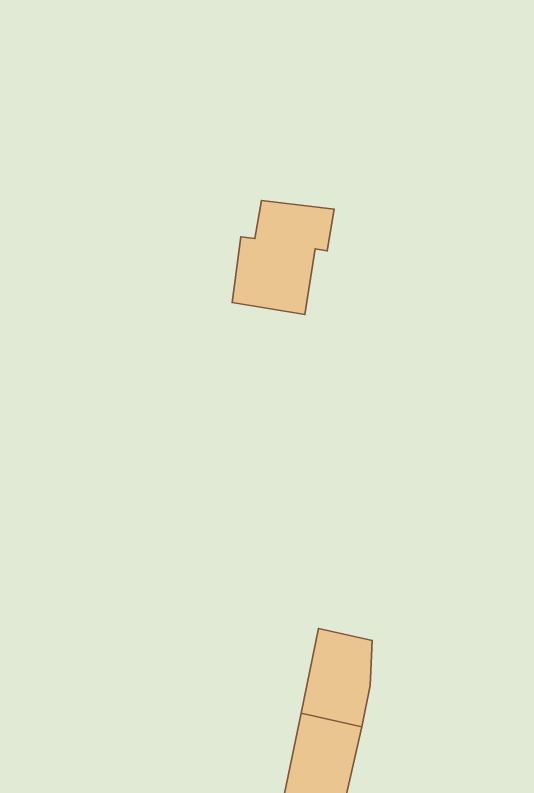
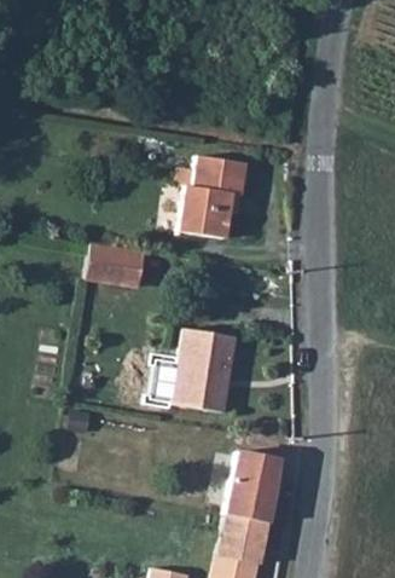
building: none -> [88,244,145,283]
building: none -> [174,329,234,410]

